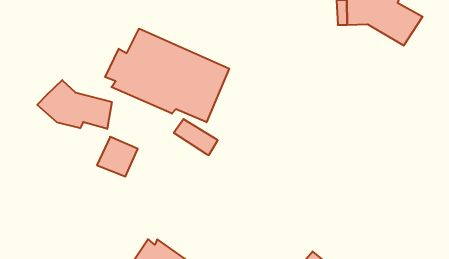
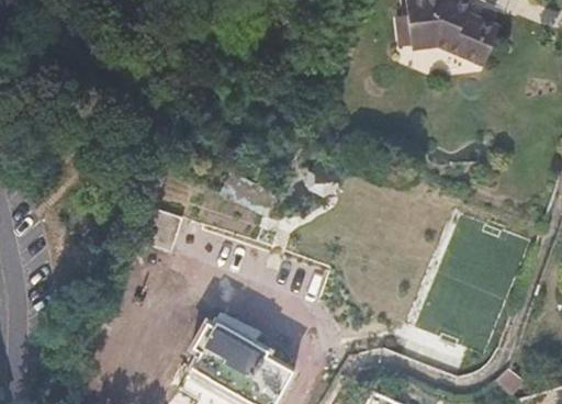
building: [105,29,229,122] -> none
building: [37,80,112,129] -> none

